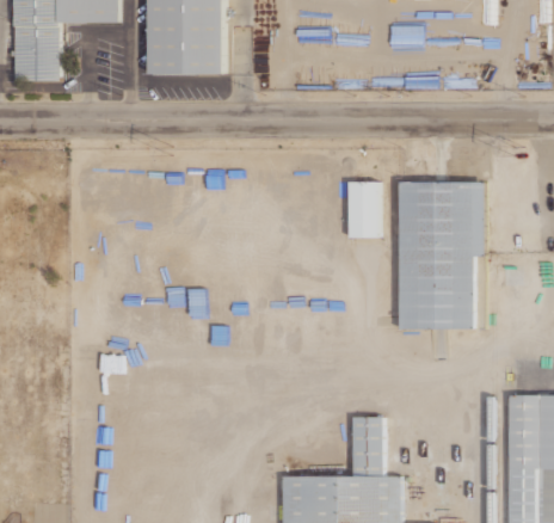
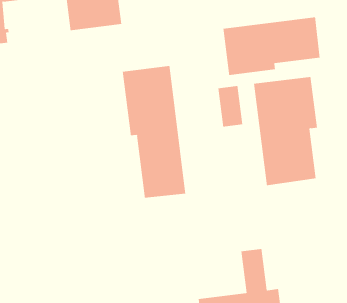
building: none -> [223,17,320,76]
building: none -> [122,65,186,198]

